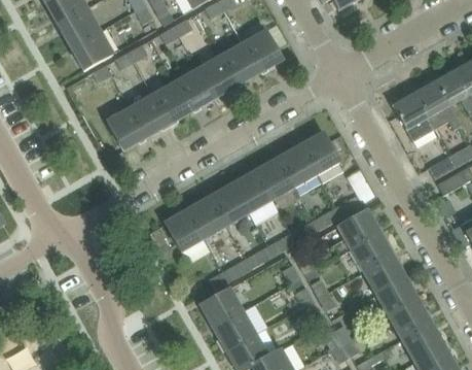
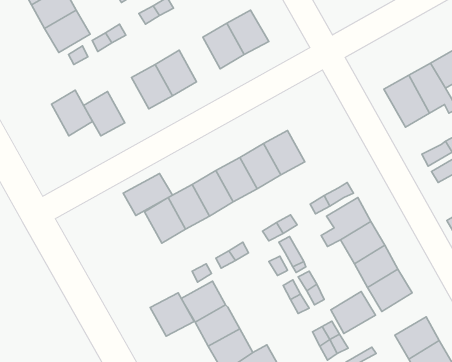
building: [197,56,237,98] -> none
building: [130,94,169,137] -> [51,90,93,136]
building: [300,131,339,174] -> none
building: none -> [123,174,173,216]
building: none -> [150,293,194,336]
building: [390,299,432,339] -> [331,291,375,334]

